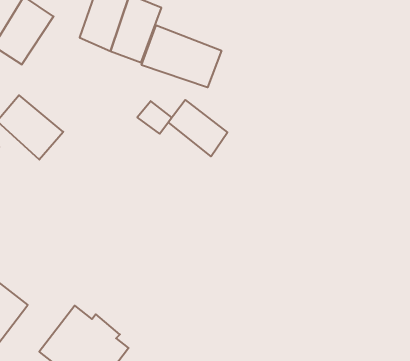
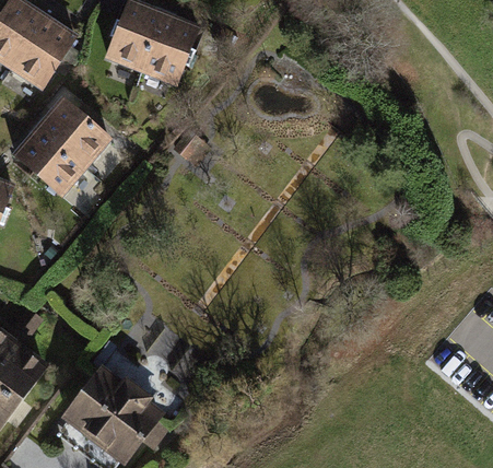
building: [142,25,221,87] -> none
building: none -> [37,96,111,166]
building: [168,100,227,156] -> none

